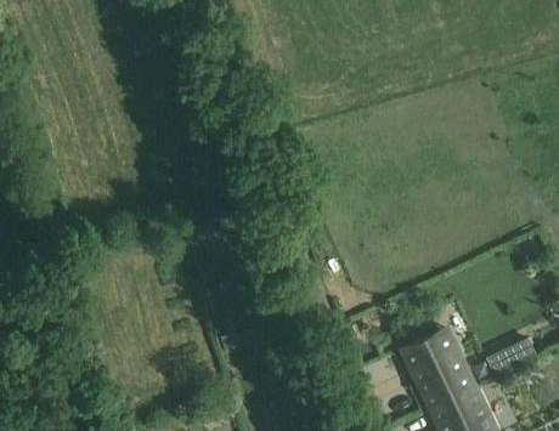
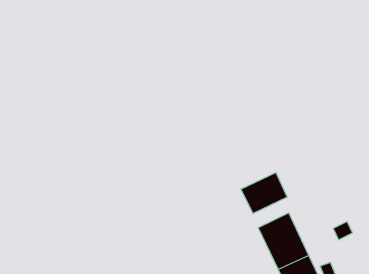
building: none -> [241,173,287,214]

